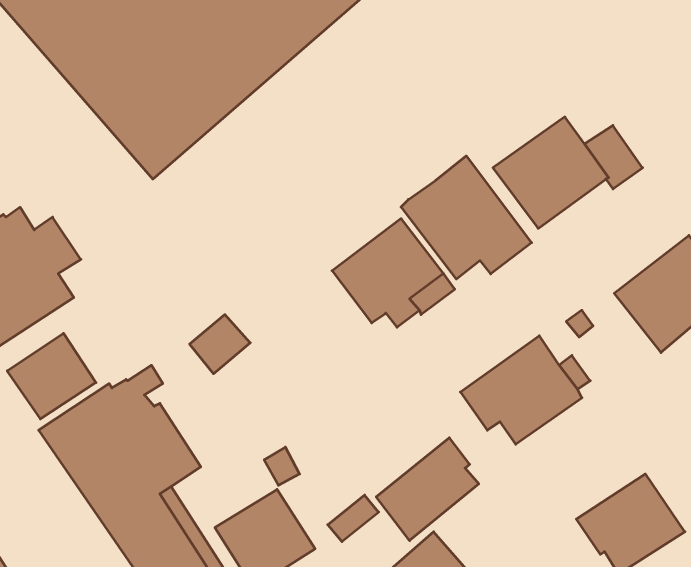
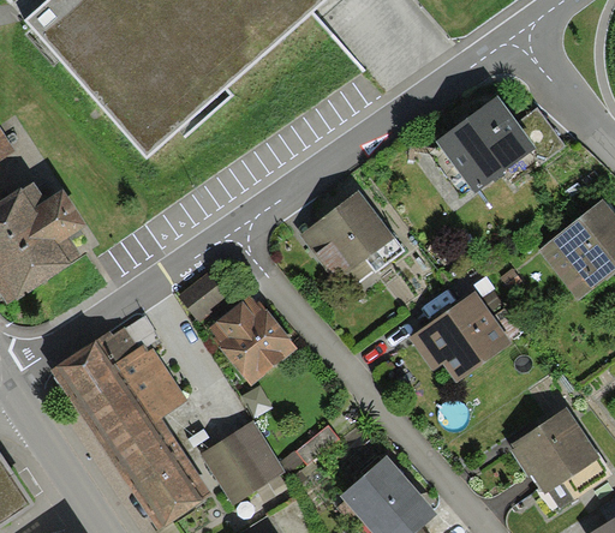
building: [401,156,532,279] -> none
building: [7,333,96,419] -> none
building: none -> [205,292,295,384]
building: [376,438,479,541] -> none

